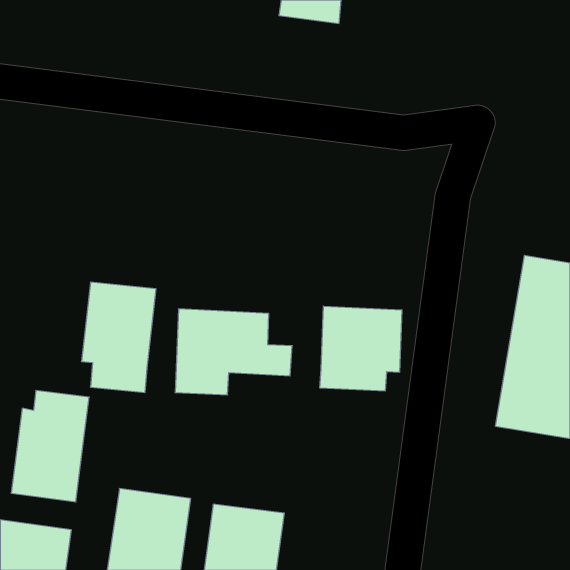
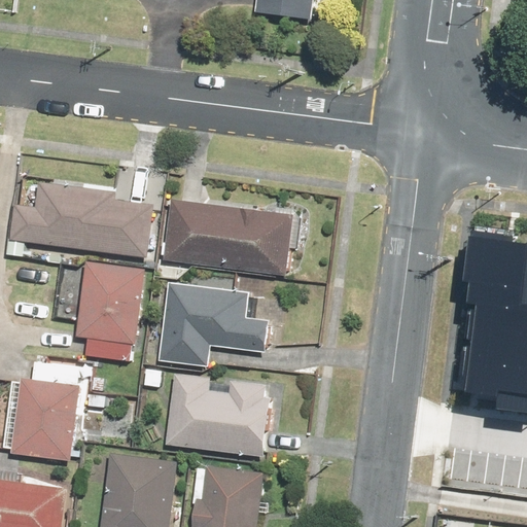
building: none -> [6,176,160,259]
building: none -> [165,200,296,277]
building: [320,306,402,391] -> none
building: none -> [168,373,278,457]

